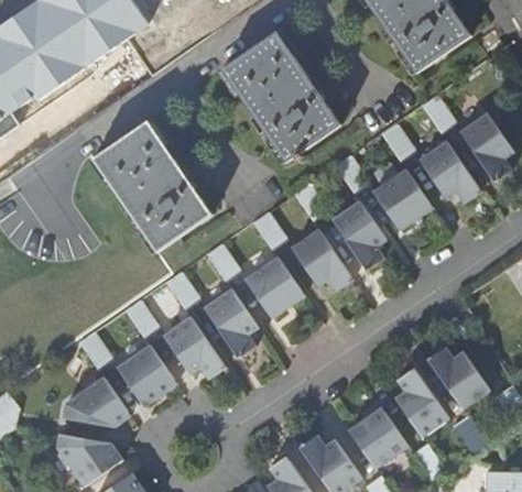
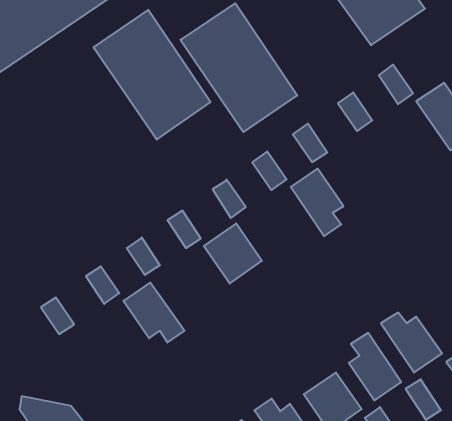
building: [93,120,213,253] -> [94,10,211,140]
building: [423,140,485,203] -> none
building: [377,168,435,230] -> none
building: [293,228,356,291] -> none
building: [205,288,259,358] -> none
building: [117,345,175,406] -> none
building: [62,376,129,427] -> none

